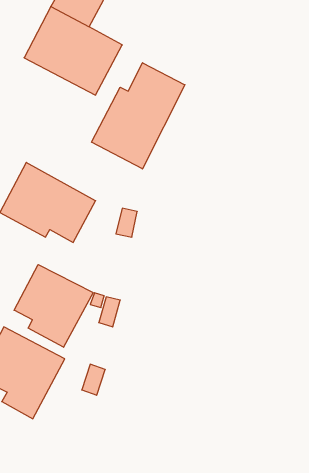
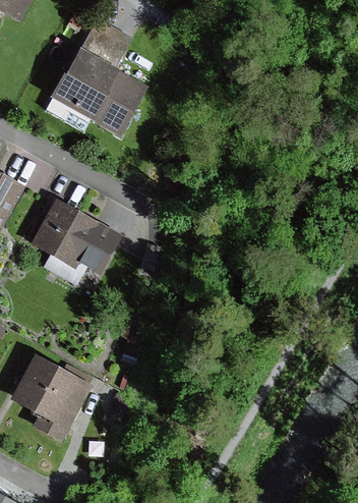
building: [92,63,185,169] -> none
building: [14,265,93,347] -> none

